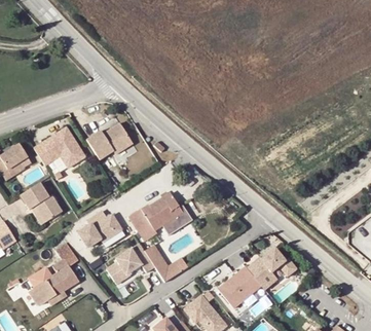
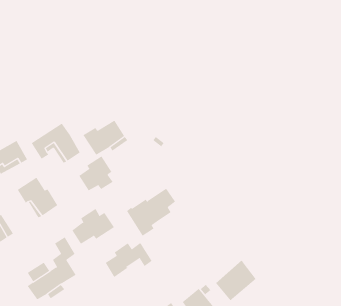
building: none -> [79,155,113,191]
building: [162,204,192,235] -> none
building: [145,244,189,282] -> none
building: [248,247,297,289] -> none

